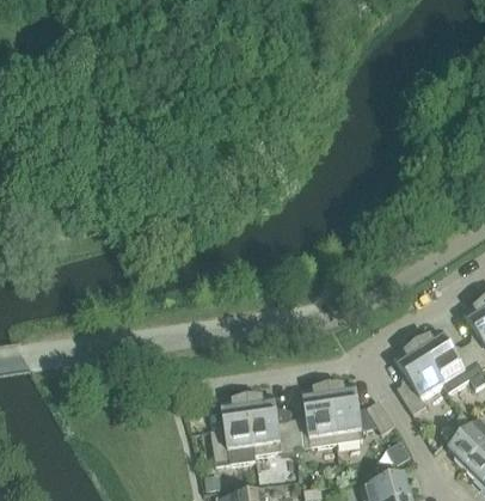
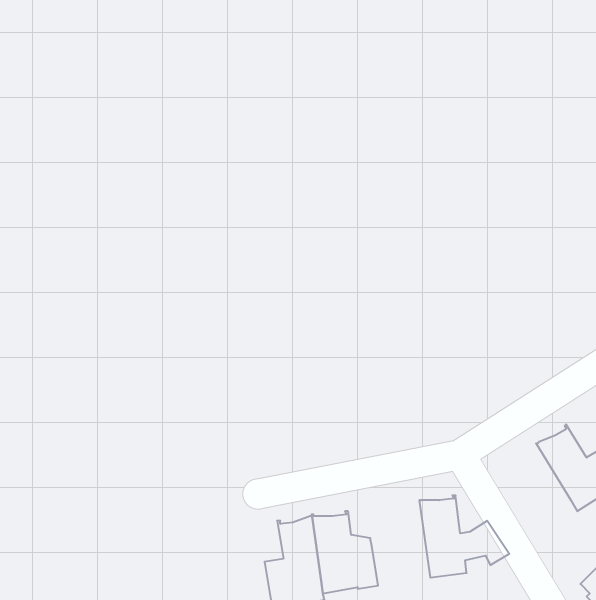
building: [392,340,441,411] -> none
building: [290,383,334,447] -> none

